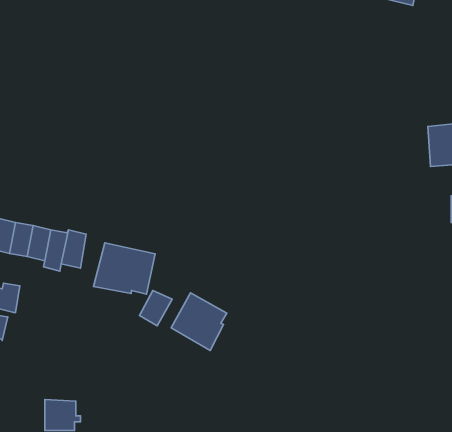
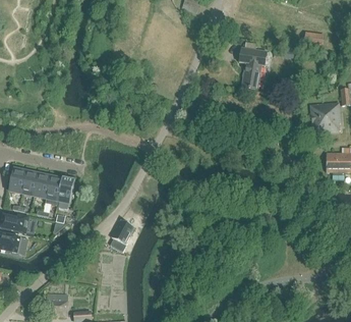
building: none -> [239,47,268,89]
building: [94,243,155,294] -> none
building: [171,293,227,351] -> none

